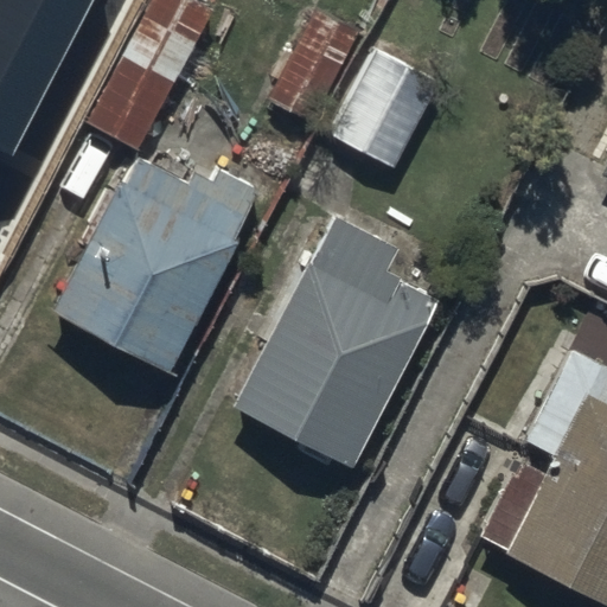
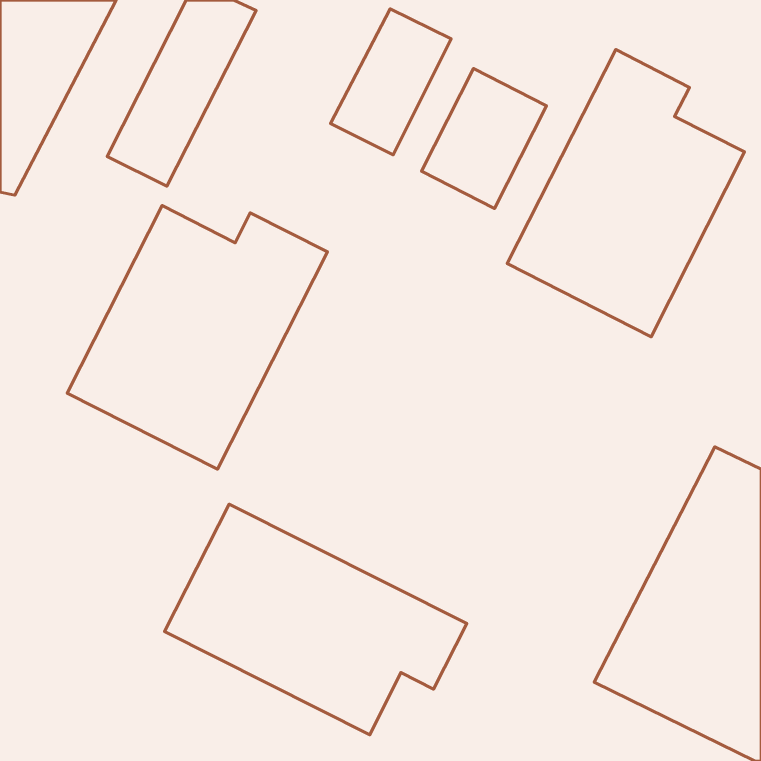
building: none -> [507,49,745,337]
building: [232,215,440,467] -> none
building: none -> [165,504,467,735]

